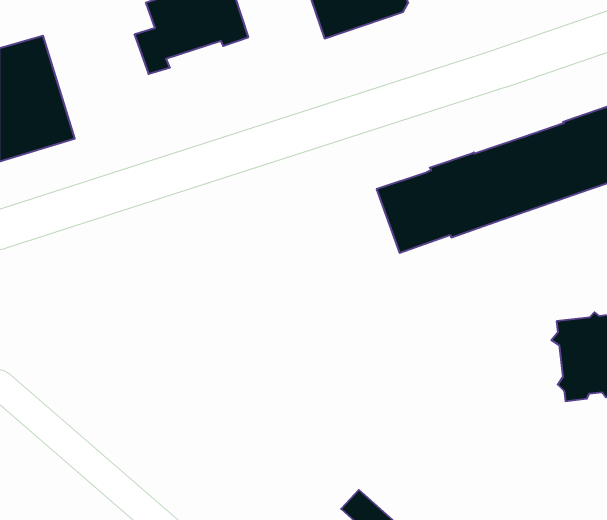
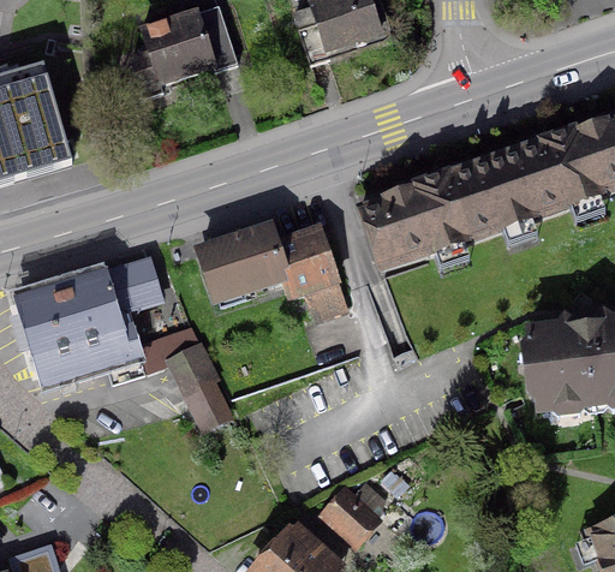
building: none -> [198,225,344,315]
building: none -> [18,257,159,380]
building: none -> [168,342,226,422]

